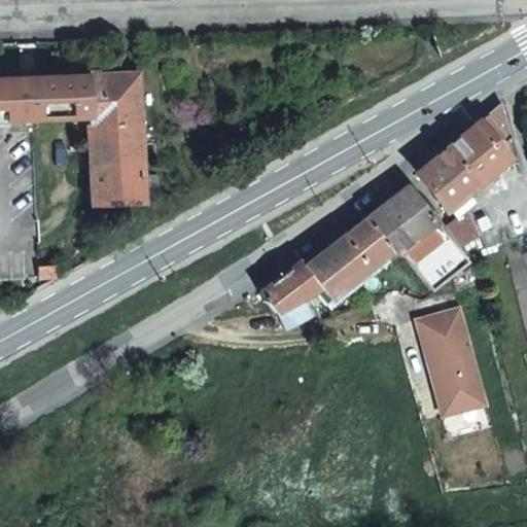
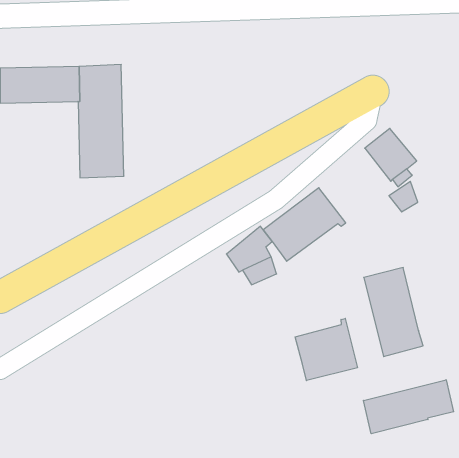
building: [447,101,516,185] -> none
building: [365,185,466,290] -> none
building: none -> [295,318,357,381]
building: none -> [363,380,454,434]

